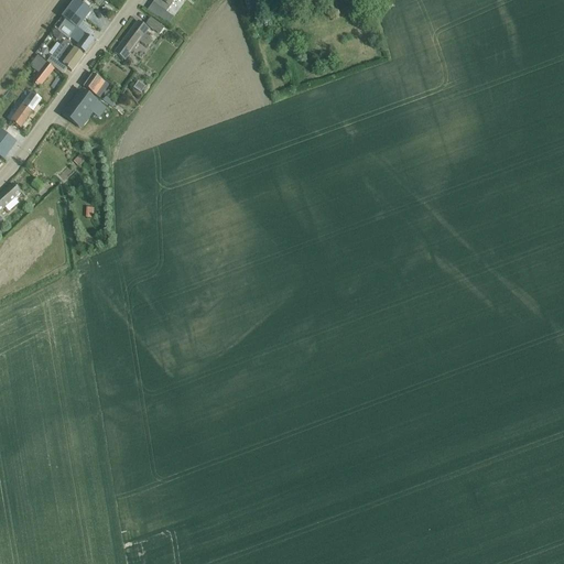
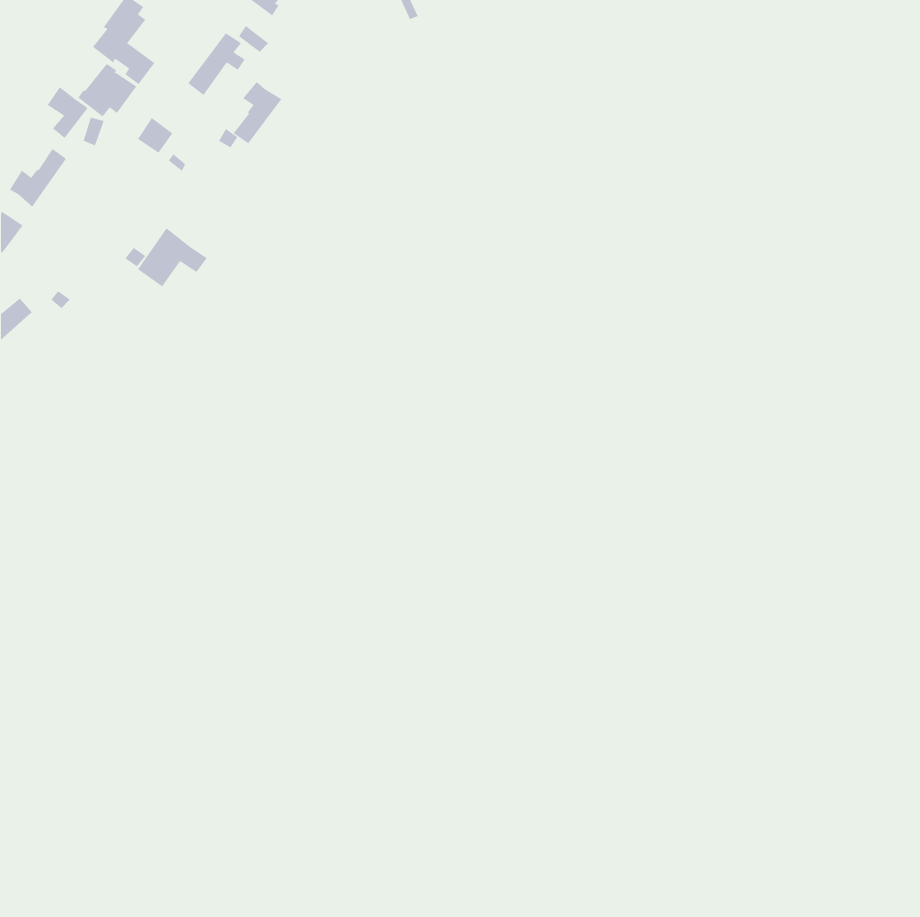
building: none -> [233,81,282,144]
building: [64,88,107,124] -> [137,228,208,287]

